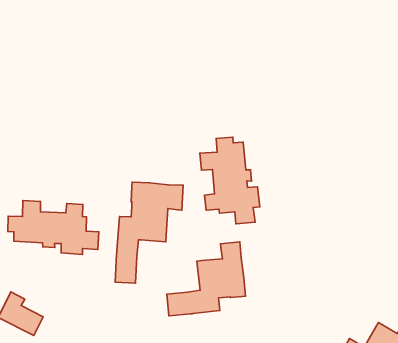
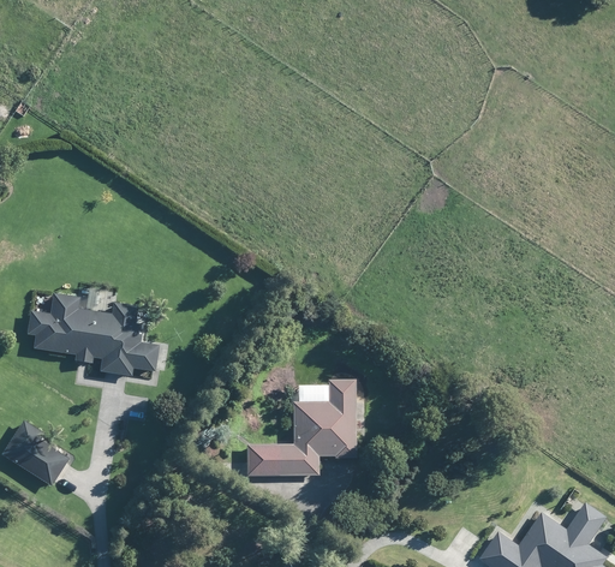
building: [200,137,260,224] -> none
building: [115,182,183,283] -> none

